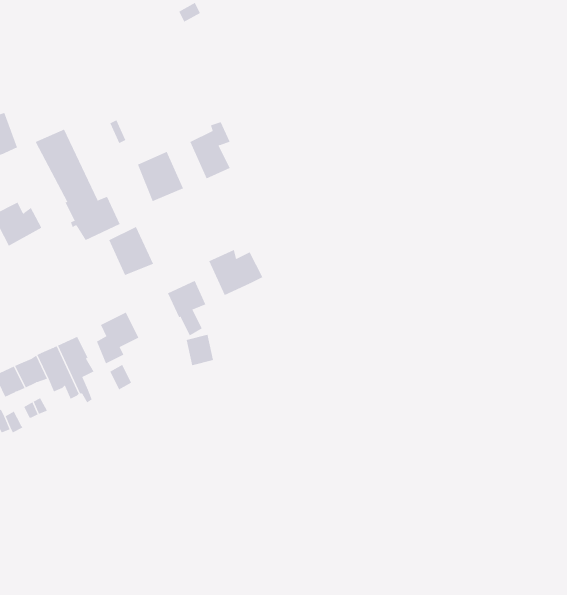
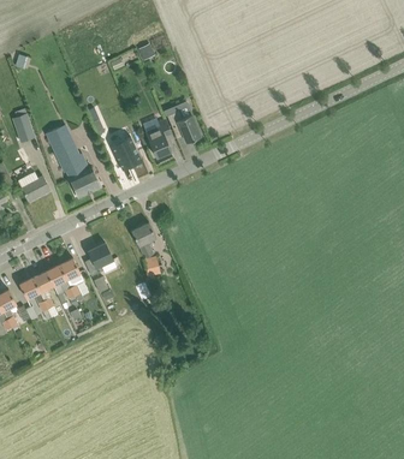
building: none -> [168,113,203,145]
building: [108,226,154,276] -> none
building: [209,249,263,296] -> none

